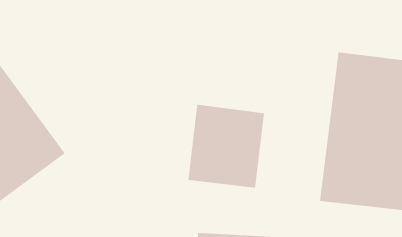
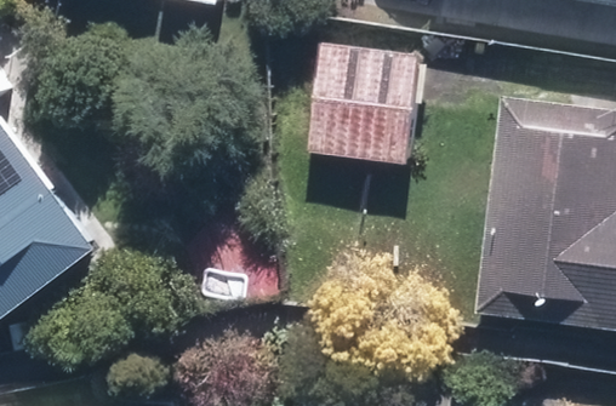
building: [188,104,265,188] -> [309,45,423,168]

